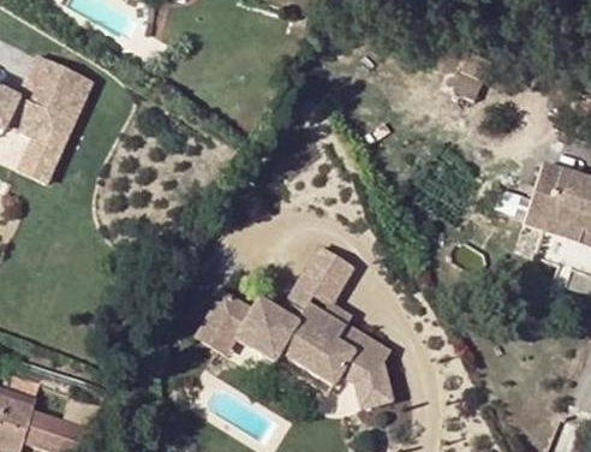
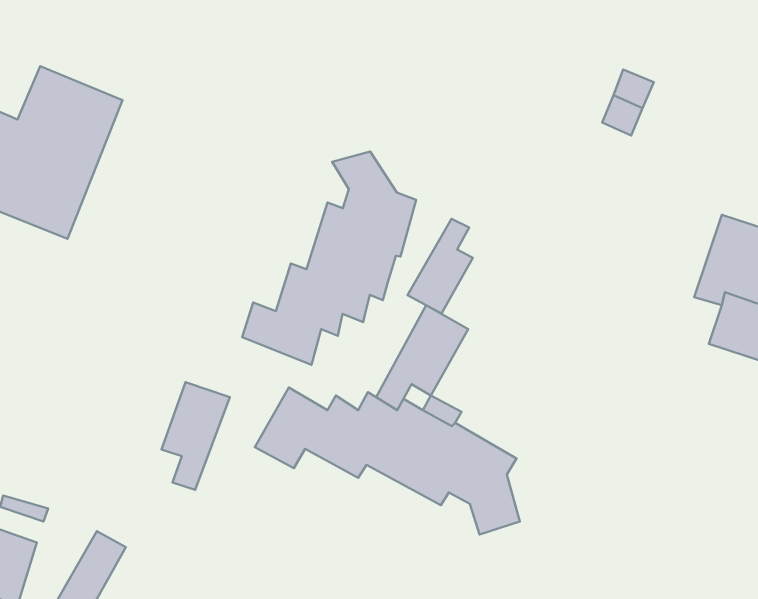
building: none -> [242,151,416,365]
building: none -> [408,219,473,313]
building: none -> [161,382,230,490]

